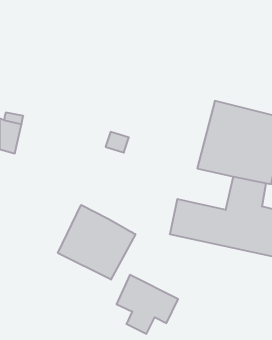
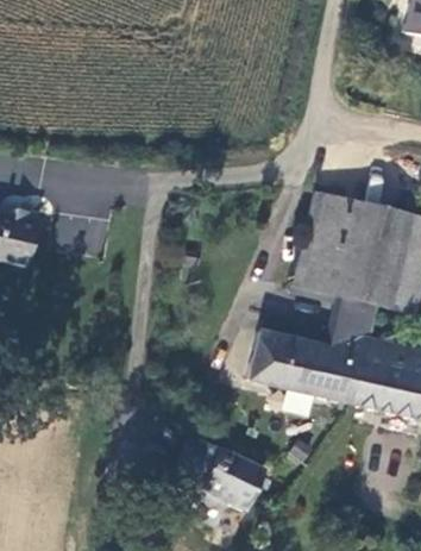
building: [58,205,135,280] -> none

